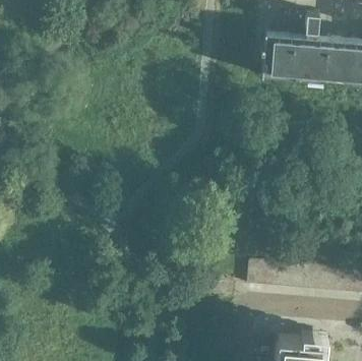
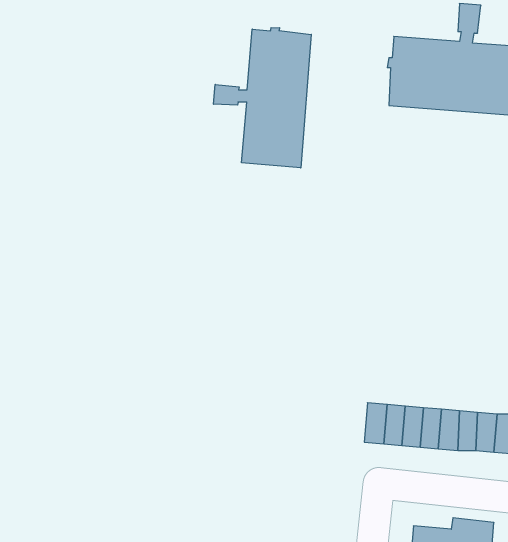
building: none -> [214,28,311,168]

